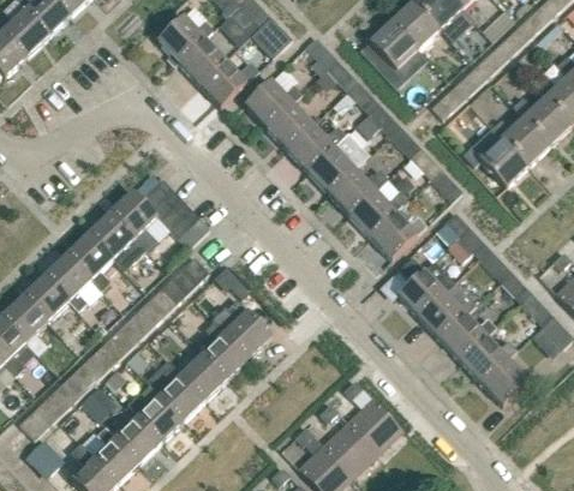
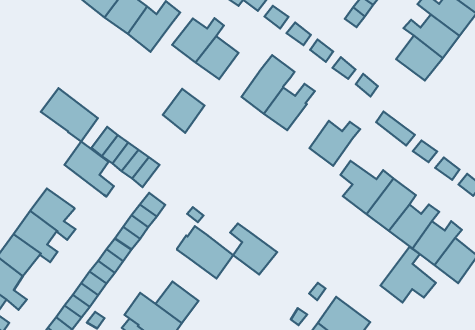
building: [287,125,333,172] -> [163,89,205,133]
building: [349,188,407,238] -> none
building: [86,211,145,271] -> [41,88,98,141]
building: [202,321,249,378] -> [230,223,277,275]
building: none -> [380,247,436,303]

